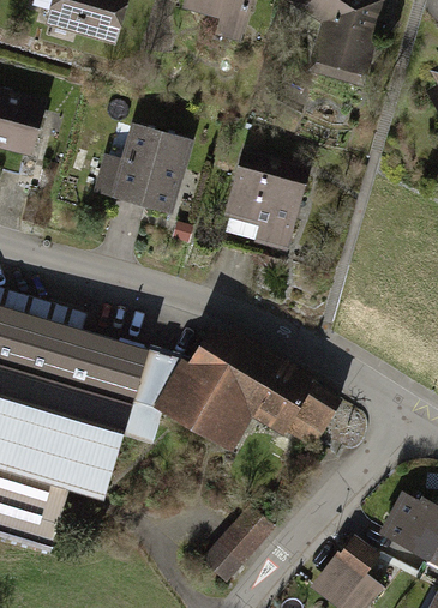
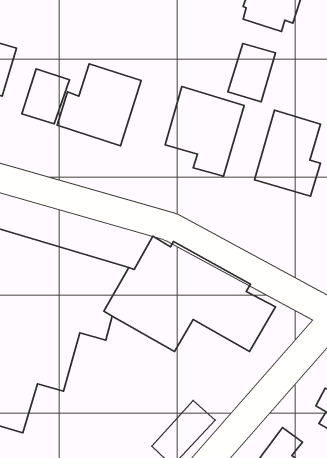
building: none -> [228,44,276,102]
building: none -> [22,69,69,124]
building: none -> [254,110,321,196]

